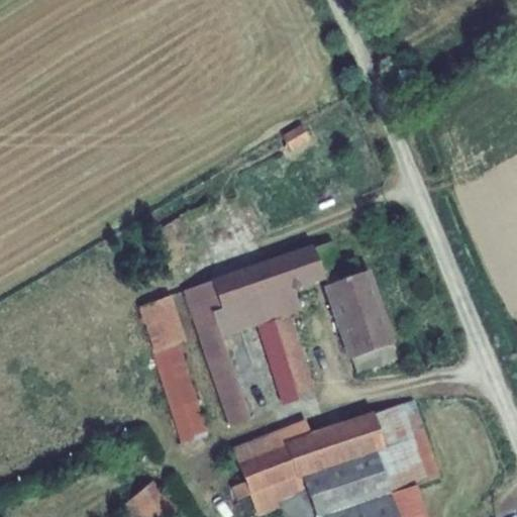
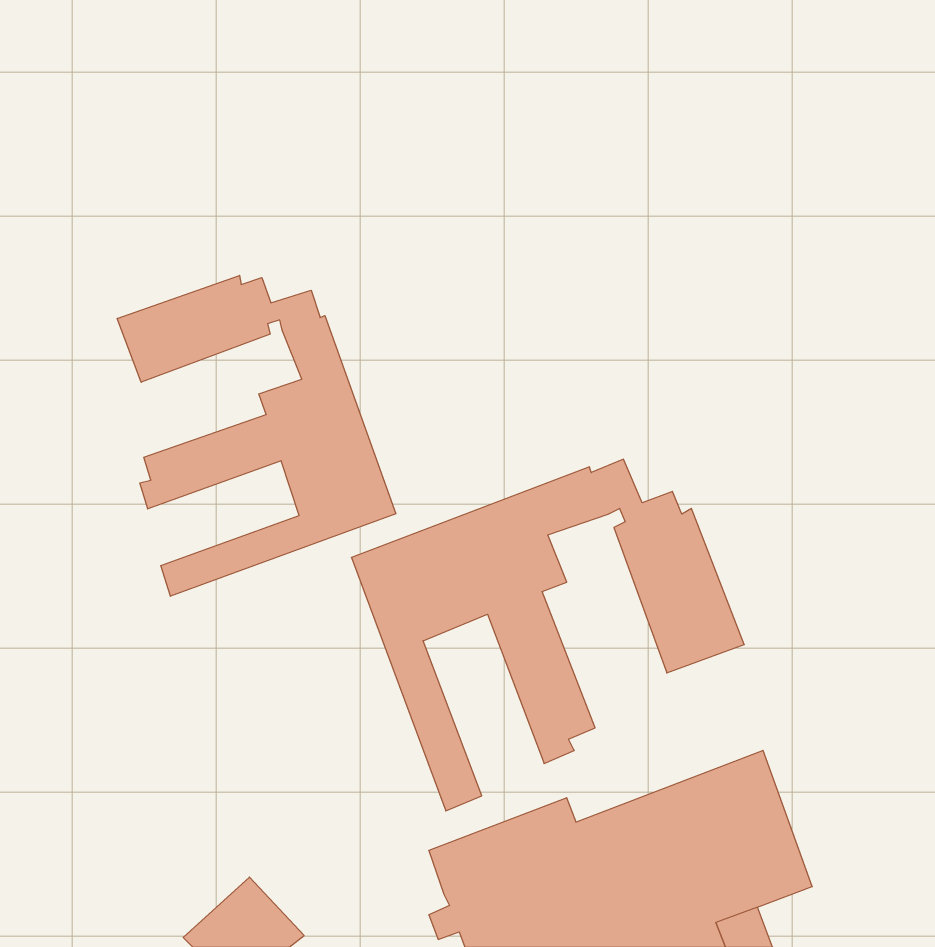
building: none -> [117,275,396,596]
building: [142,307,215,450] -> none

